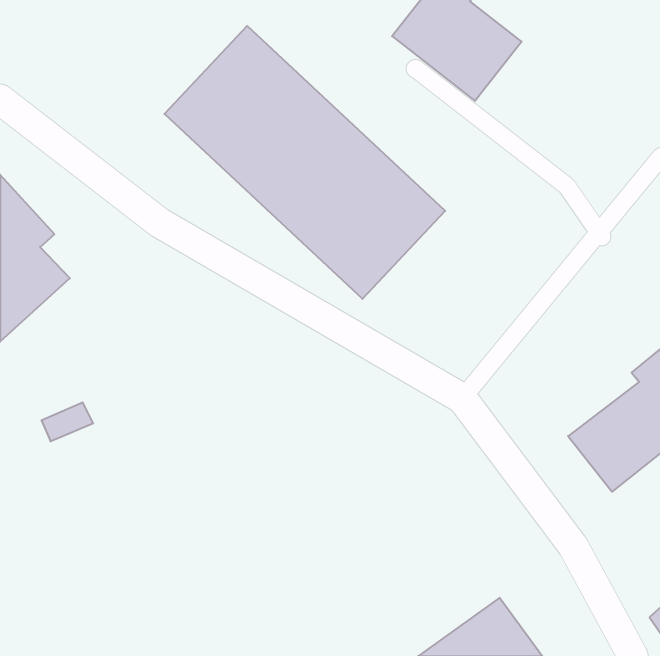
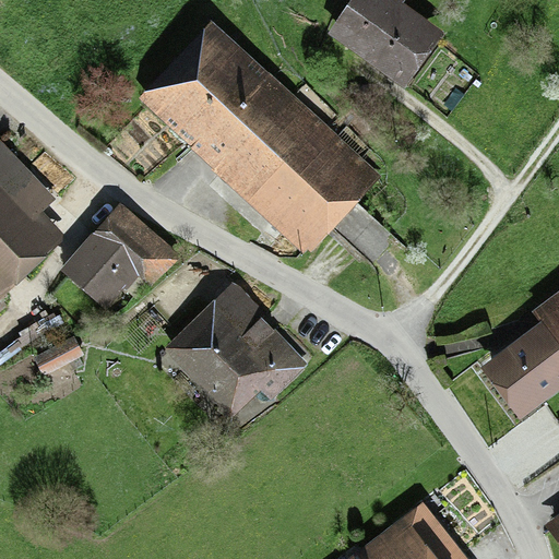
building: none -> [62,206,178,310]
building: none -> [166,287,307,418]

